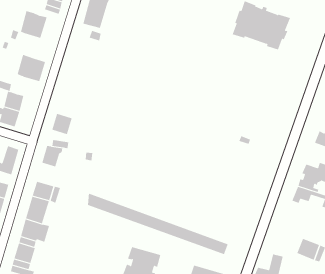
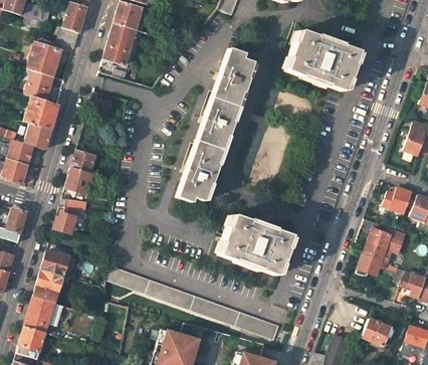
building: none -> [175,48,251,202]
building: none -> [24,70,52,101]
building: none -> [24,123,51,150]
building: none -> [71,149,96,173]
building: none -> [215,212,287,273]

